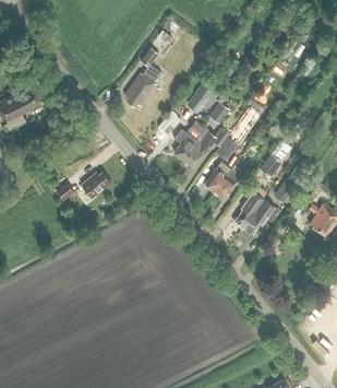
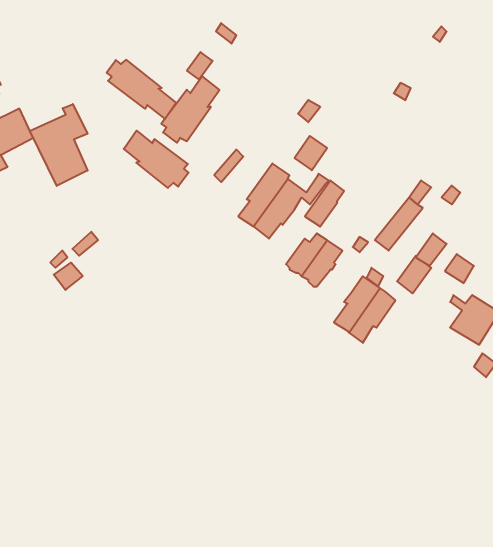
building: none -> [107,60,176,119]
building: none -> [30,104,88,186]
building: [188,84,219,111] -> none
building: none -> [124,131,189,188]
building: [81,172,111,198] -> none

